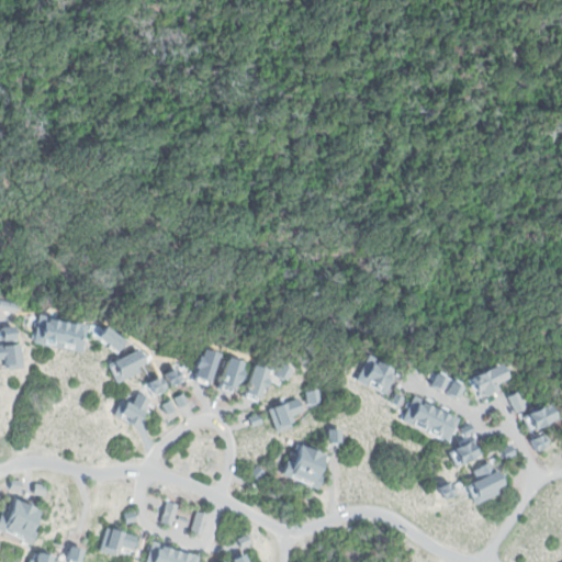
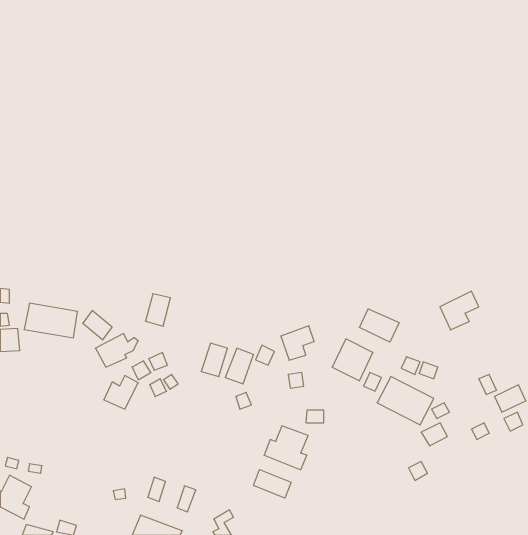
building: none -> [359,309,399,342]
building: [194,349,221,383] -> [145,294,171,326]
building: [468,361,508,402] -> [440,291,479,330]
building: [271,396,306,432] -> [281,326,314,360]
building: [467,460,513,505] -> none
building: none -> [253,470,291,498]
building: [99,525,139,555] -> none

